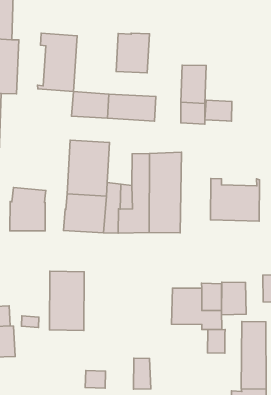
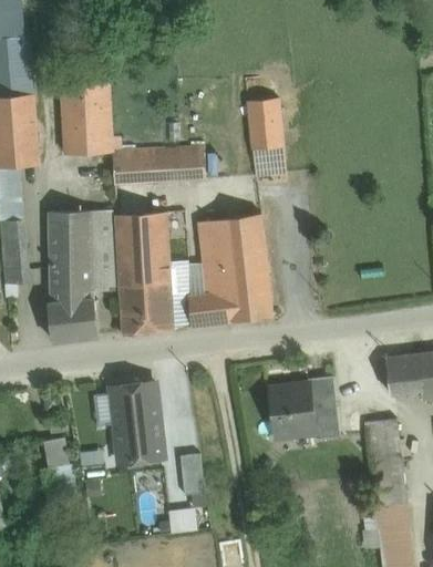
building: [116,33,149,73] -> none
building: [205,100,232,121] -> none
building: none -> [49,212,110,290]
building: [211,178,260,221] -> none
building: [222,282,246,315] -> none
building: [208,329,225,353] -> none
building: [134,358,151,389] -> [179,453,206,495]

